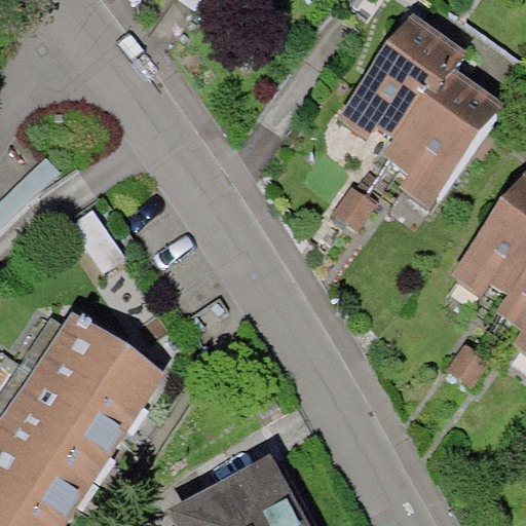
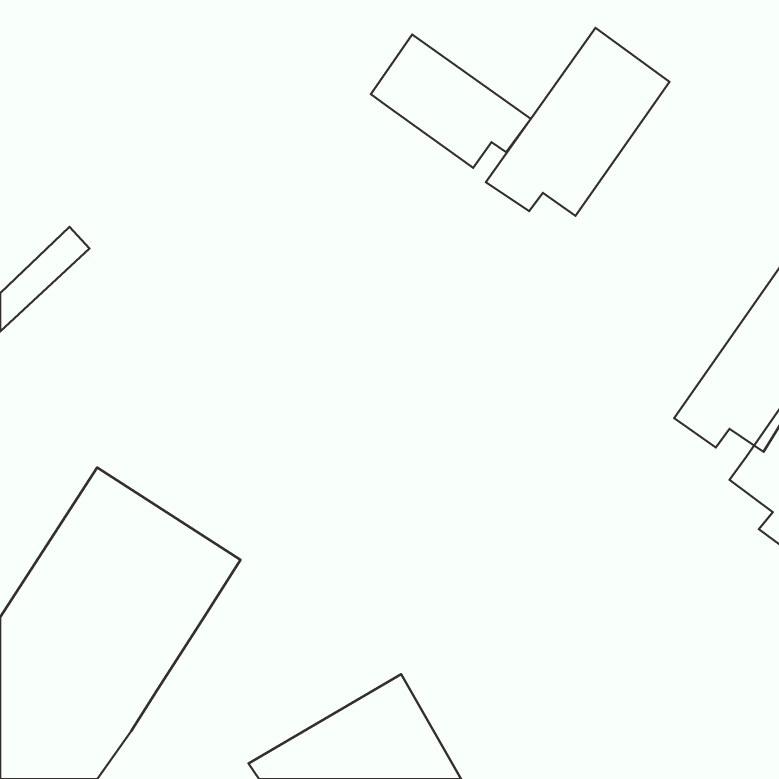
building: none -> [371,34,531,168]
building: [370,69,494,215] -> none

